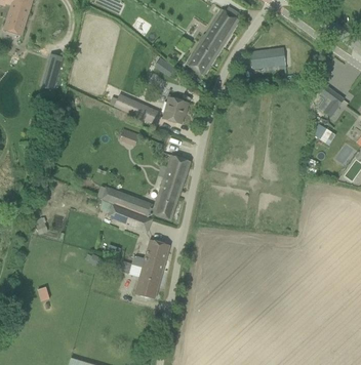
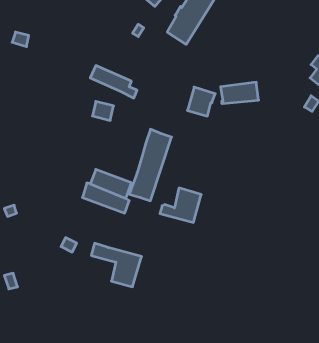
building: [250,48,285,68] -> [221,82,259,103]
building: [163,96,189,123] -> [187,87,215,116]
building: [132,239,170,271] -> [160,188,201,222]

